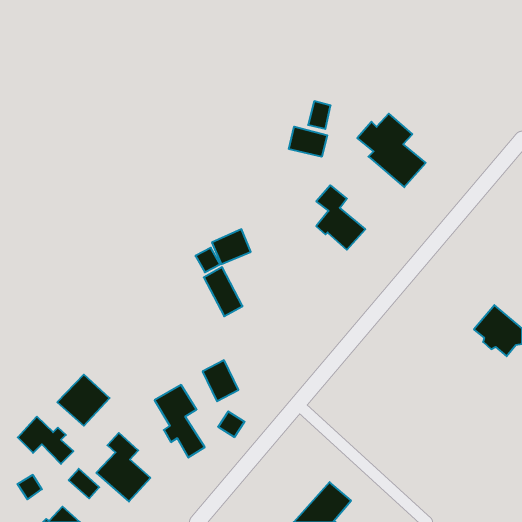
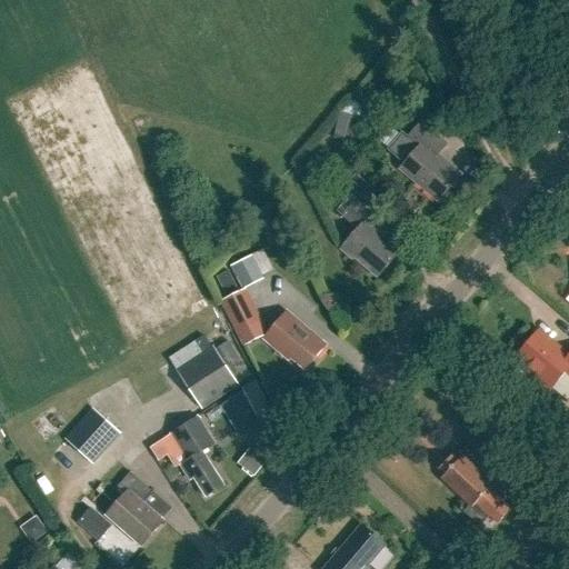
building: [289,127,327,157] -> none
building: none -> [263,311,326,370]
building: none -> [174,346,238,409]
building: [18,417,73,464] -> none
building: none -> [437,455,512,526]

